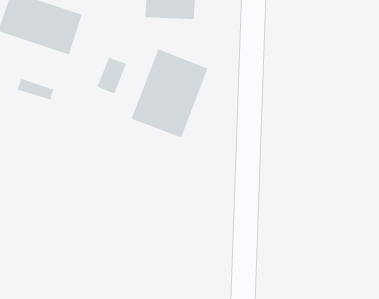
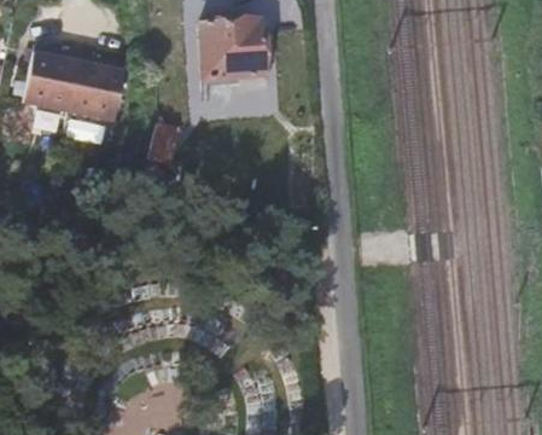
building: [131,48,208,138] -> none

